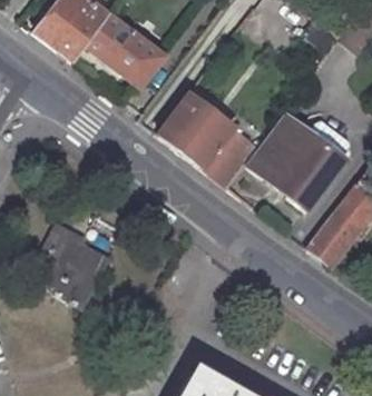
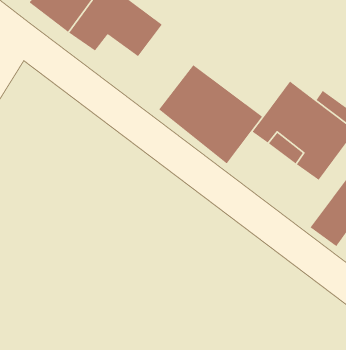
building: [30,221,110,309] -> none

